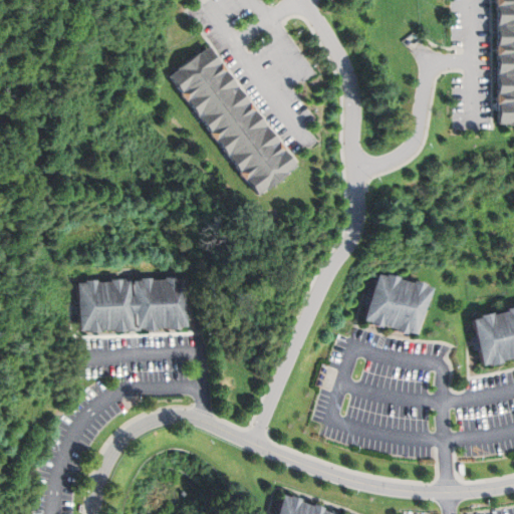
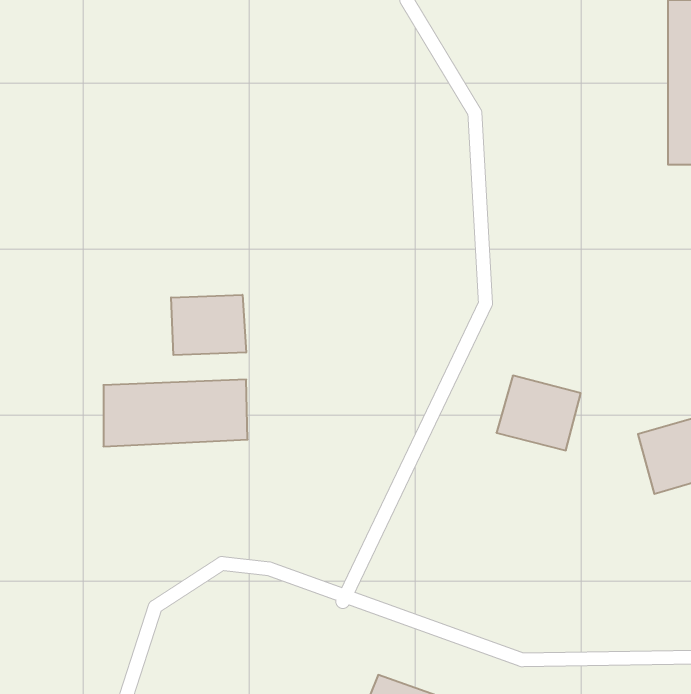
building: [173,49,296,194] -> none
building: none -> [171,295,246,355]

